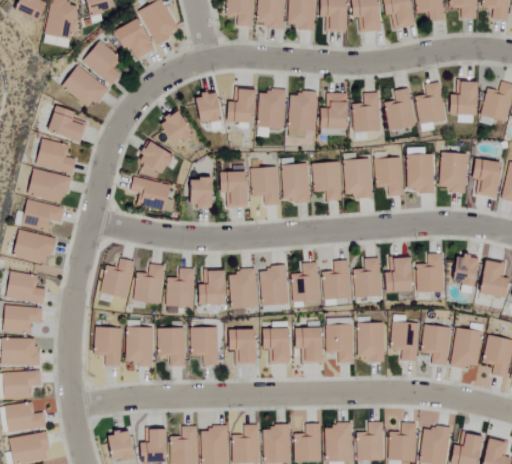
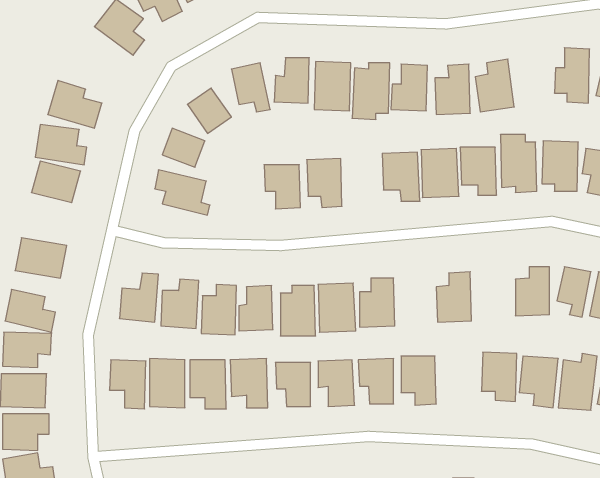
building: [60,64,108,111] -> none
building: [416,82,445,123] -> none
building: [280,164,310,204] -> none
building: [187,179,209,208] -> none
building: [27,199,69,231] -> none
building: [383,255,411,291] -> none
building: [323,260,352,299] -> none
building: [356,322,385,362] -> none

